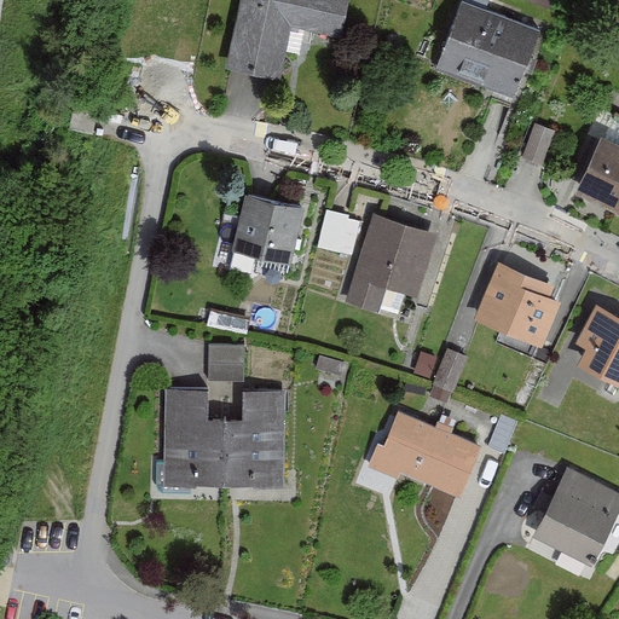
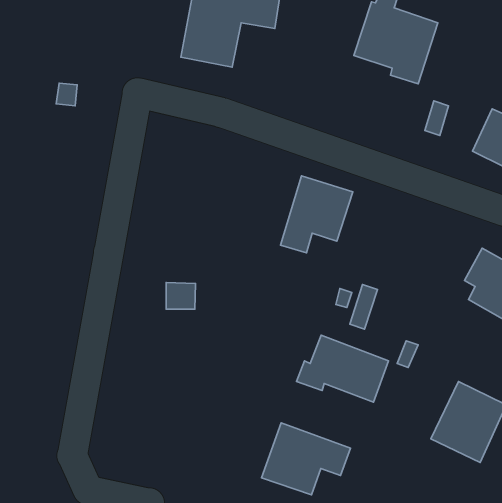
building: [232,198,299,265] -> none
building: [319,212,360,256] -> none
building: [473,261,559,347] -> none
building: [156,389,282,492] -> none
building: none -> [261,423,350,495]

